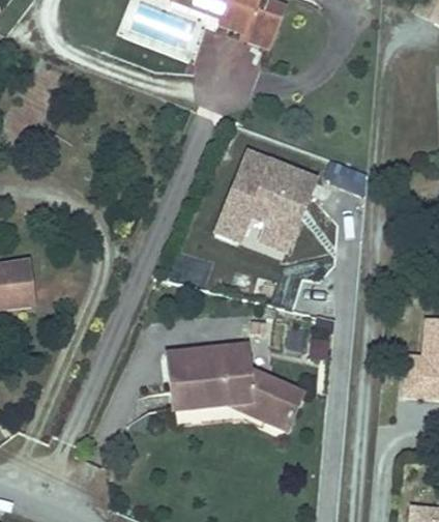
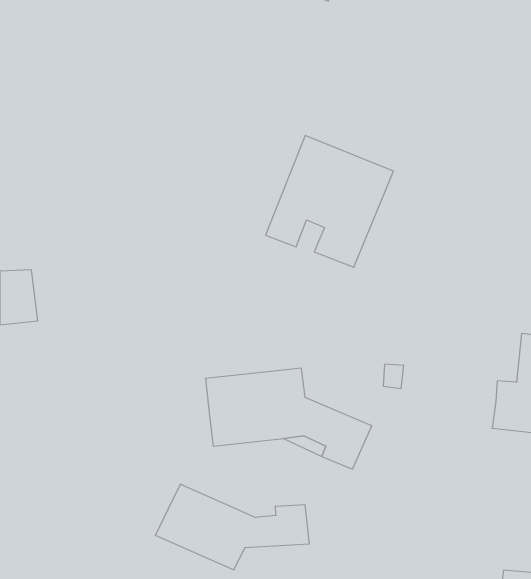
building: none -> [155,484,309,570]

